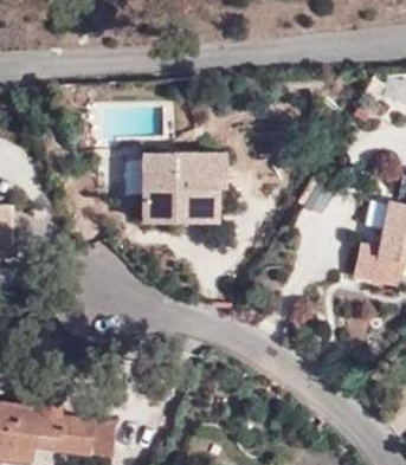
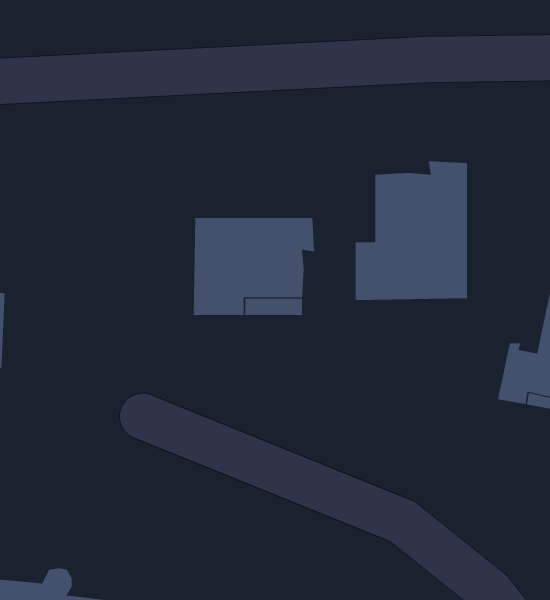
building: none -> [355,160,468,301]

